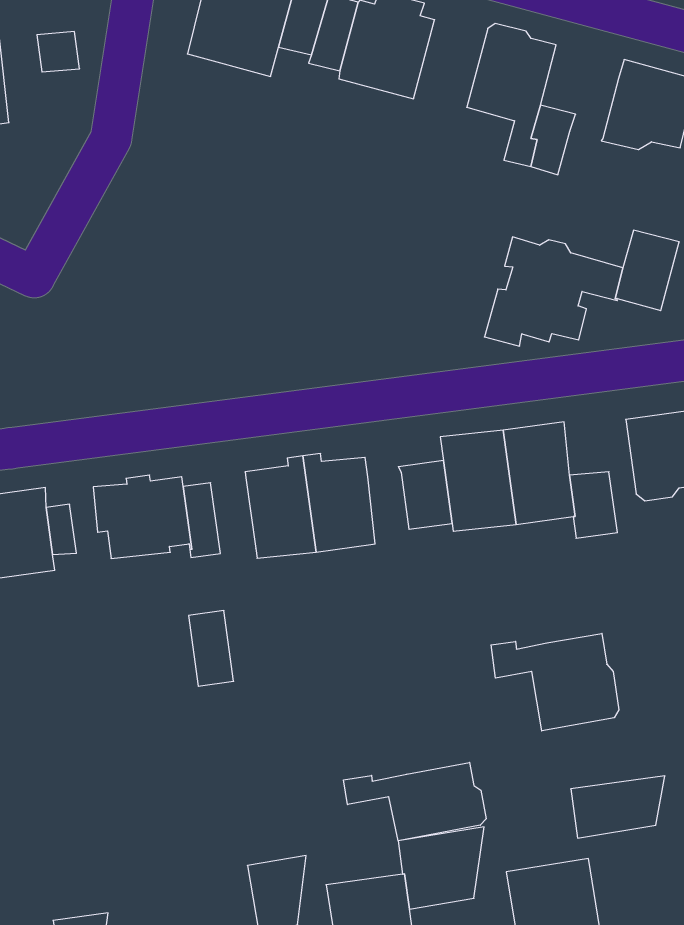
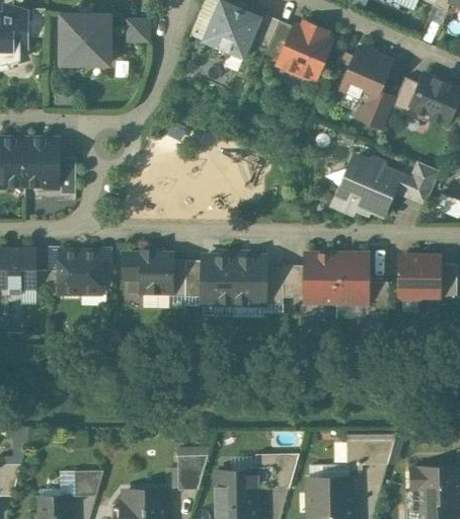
building: none -> [391,77,419,114]
building: none -> [262,269,283,305]
building: [189,611,234,686] -> [184,261,203,297]
building: [491,633,619,731] -> none
building: [344,762,486,841] -> none

